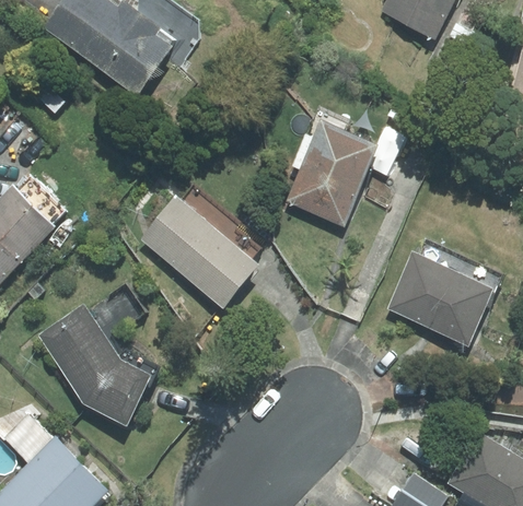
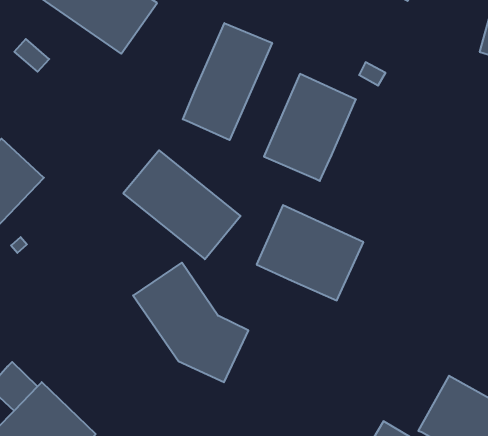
building: none -> [183,23,272,140]
building: [386,248,497,346] -> [257,205,363,300]
building: [35,302,154,425] -> [133,263,248,382]

